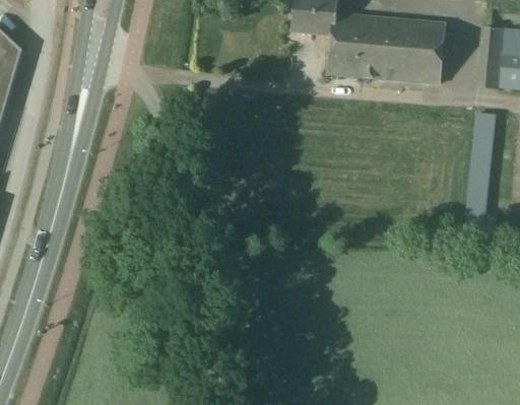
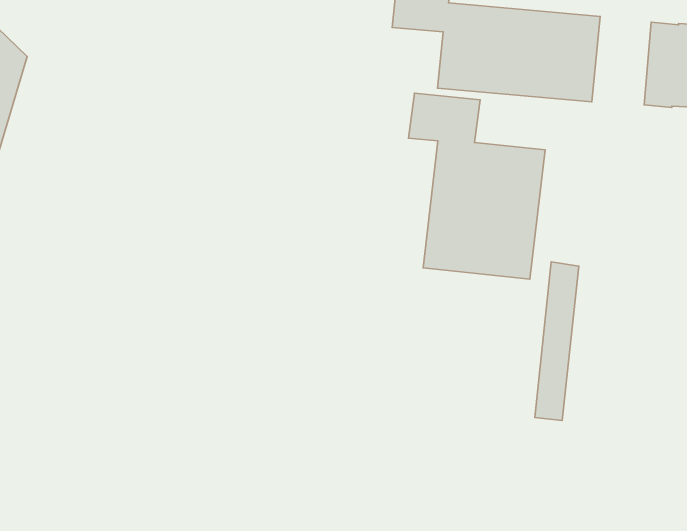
building: none -> [408,93,545,279]
building: [462,111,495,227] -> [535,262,579,420]

